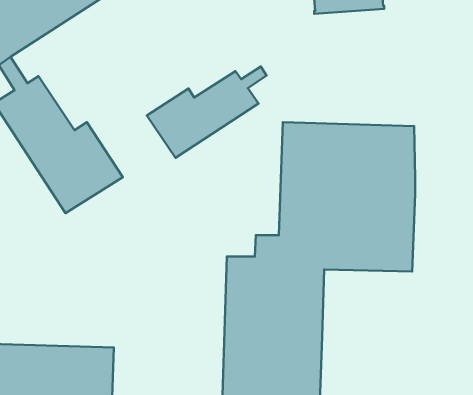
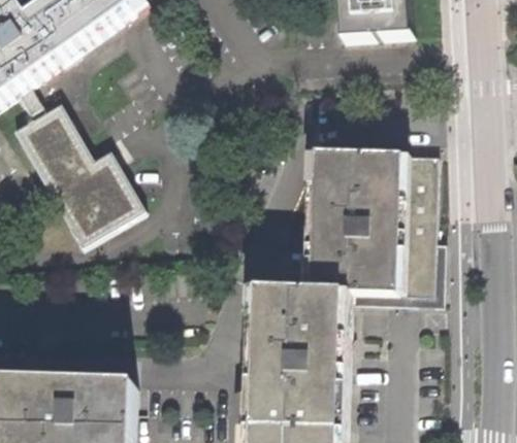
building: [147,66,267,158] -> none

